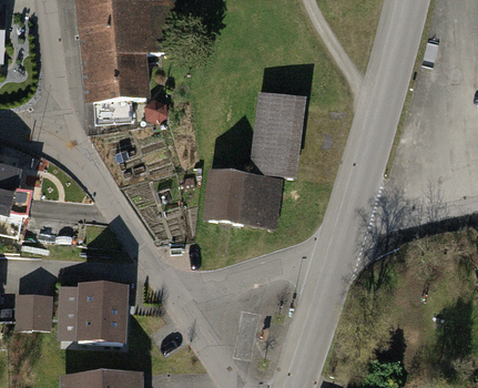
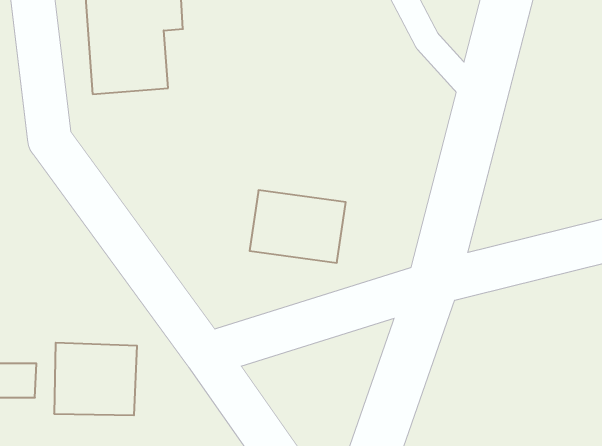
building: [248,94,304,177] -> none

